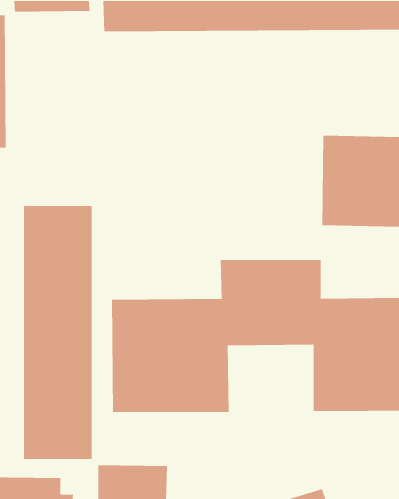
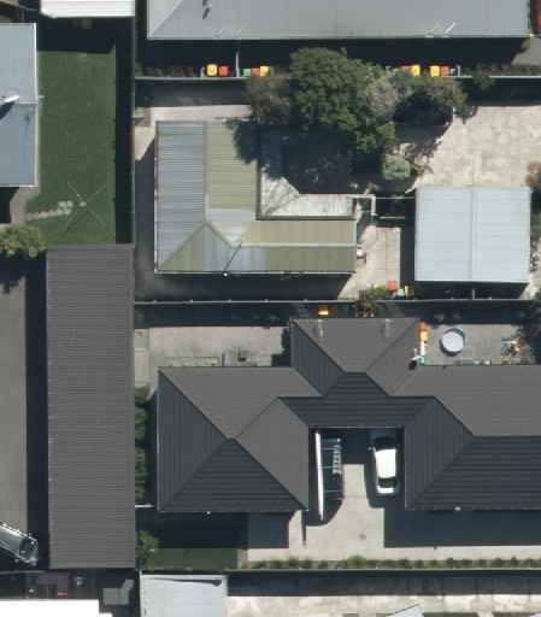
building: none -> [155,113,353,274]

